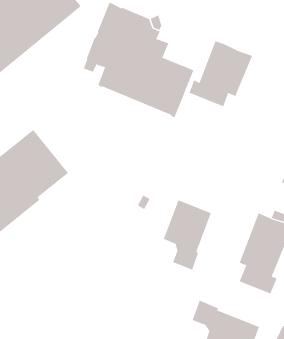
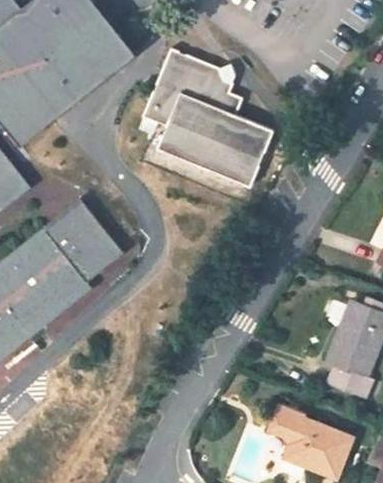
building: [189,41,253,107] -> none
building: [163,200,211,271] -> none

